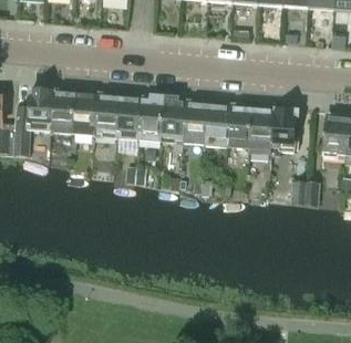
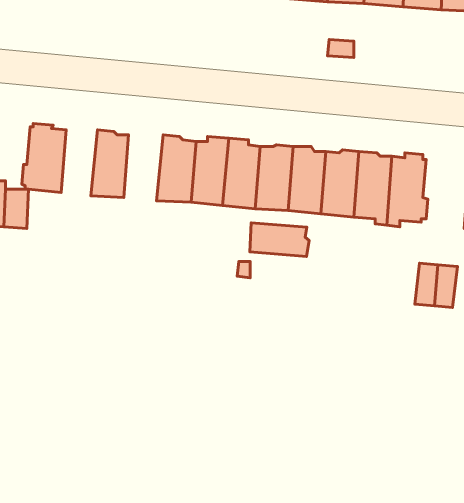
building: [53,89,78,134] -> none
building: [95,92,122,137] -> none
building: none -> [250,223,309,256]

